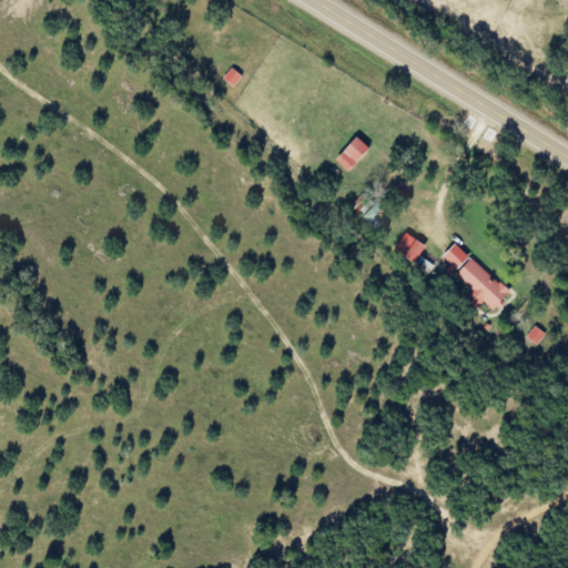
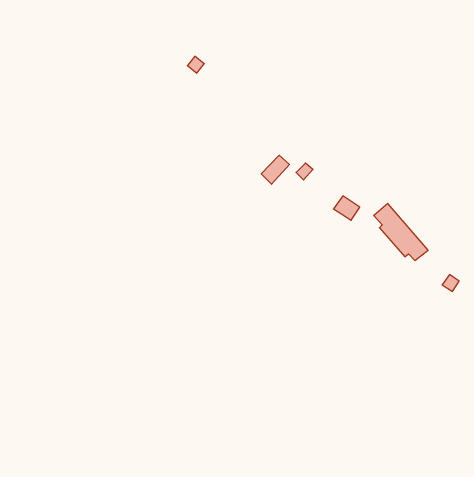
building: [337,136,371,171] -> [261,155,289,184]

